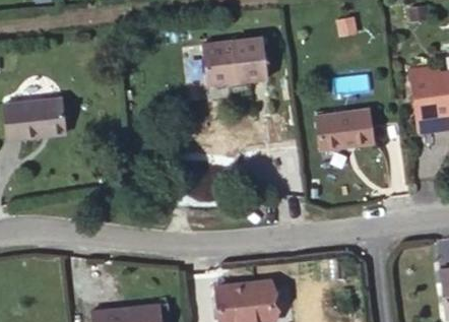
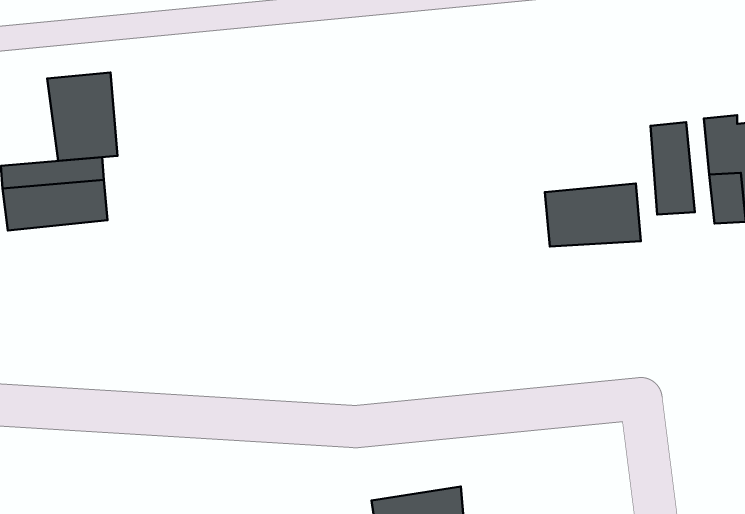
building: [202,34,267,80] -> none
building: none -> [47,73,118,161]
building: none -> [650,122,695,214]

